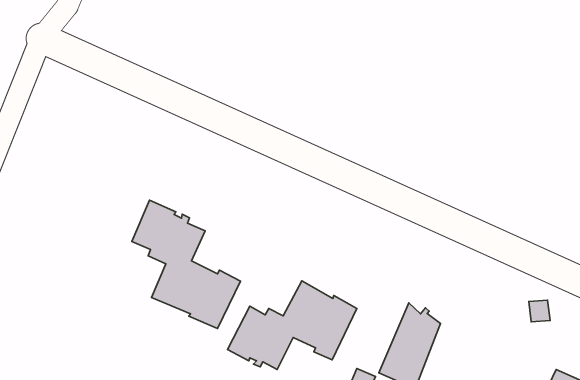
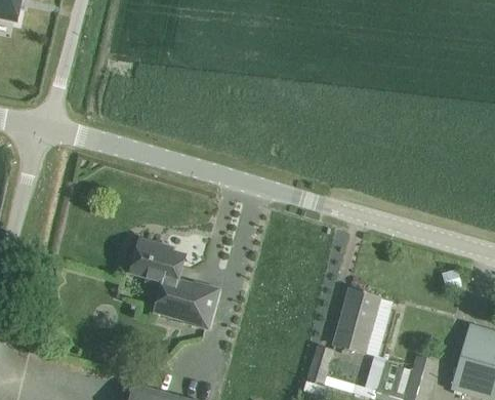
building: [227,281,357,369] -> none

